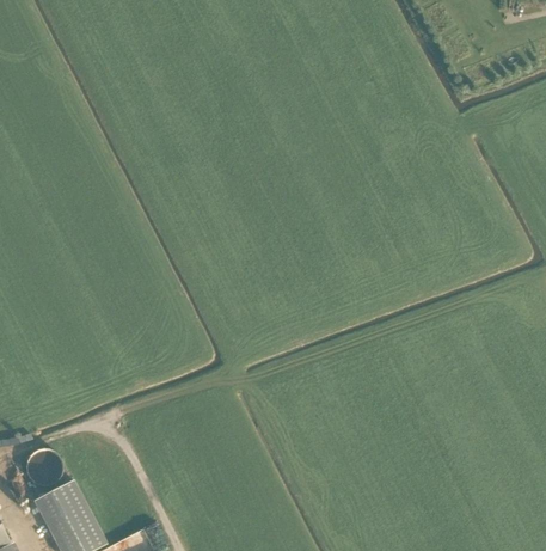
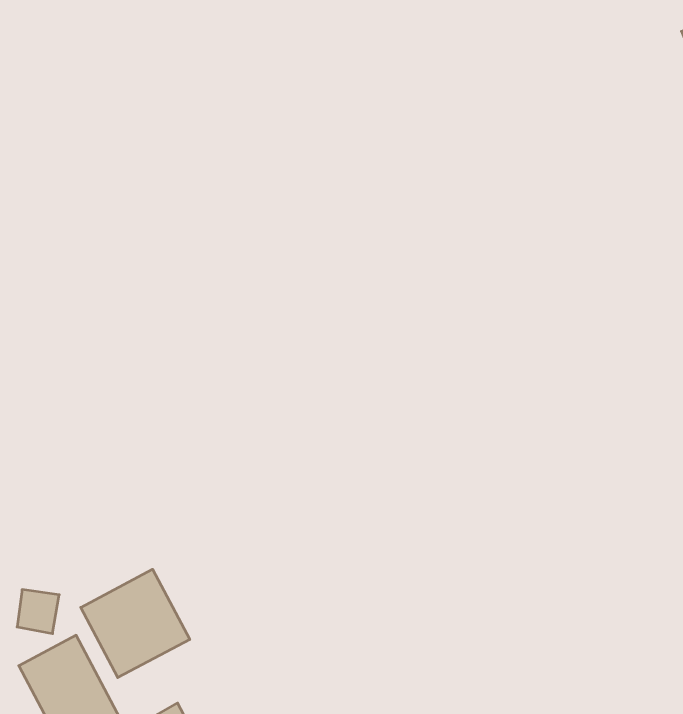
building: none -> [81,569,190,678]

